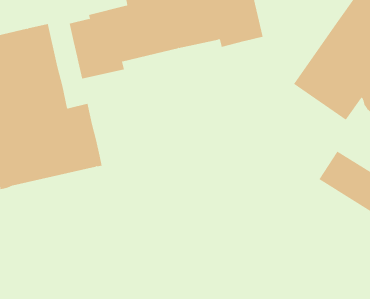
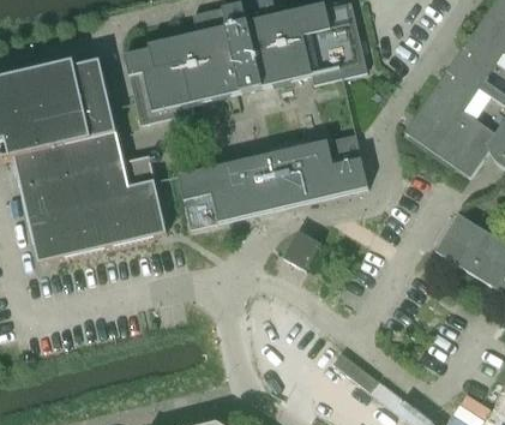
building: none -> [179,133,368,228]
building: none -> [283,229,321,269]

